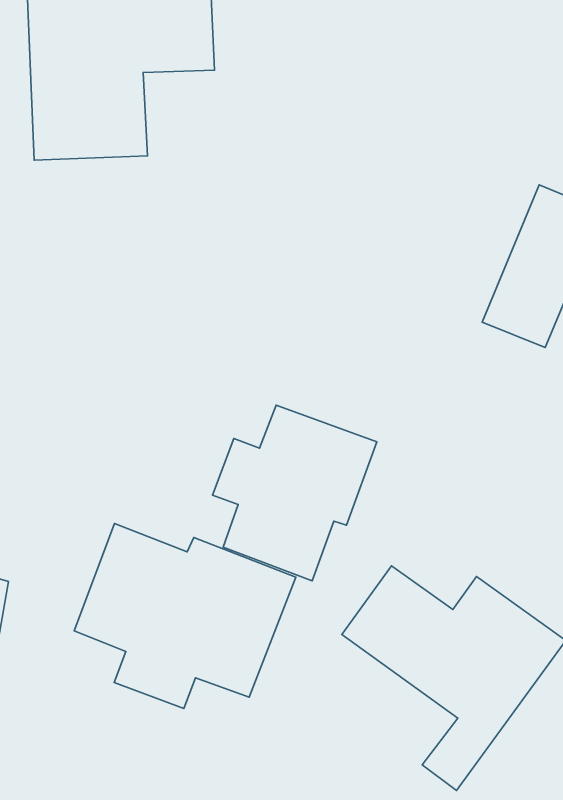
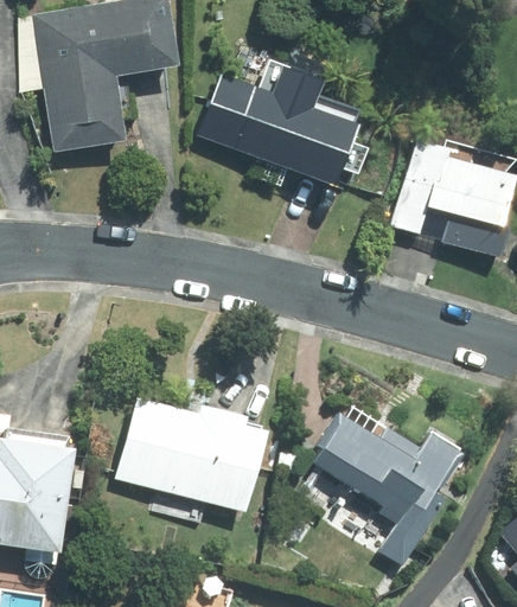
building: none -> [204,57,363,183]
building: [212,405,377,581] -> none

